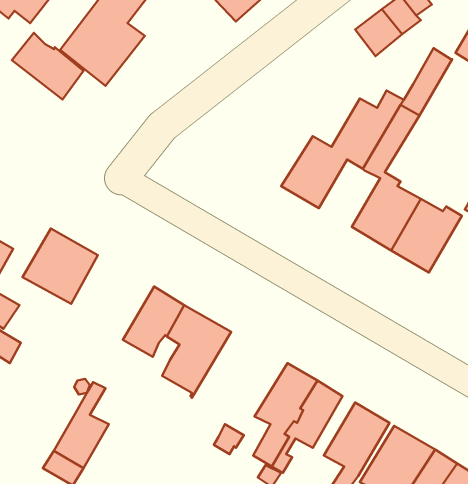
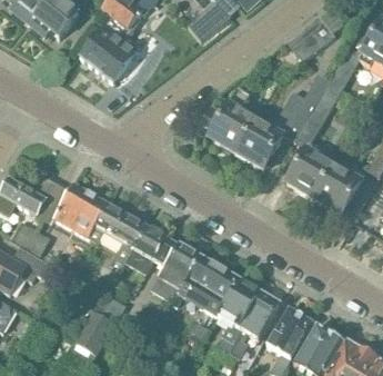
building: [12,33,84,100] -> none
building: none -> [198,87,259,152]
building: none -> [88,201,147,267]
building: none -> [173,256,241,316]

